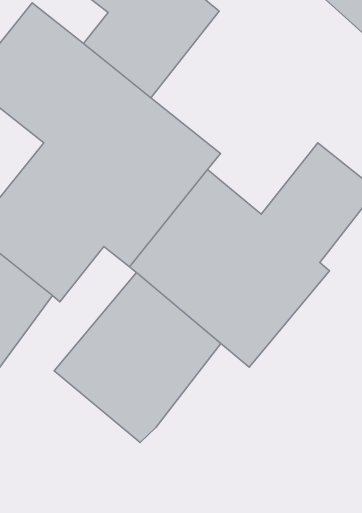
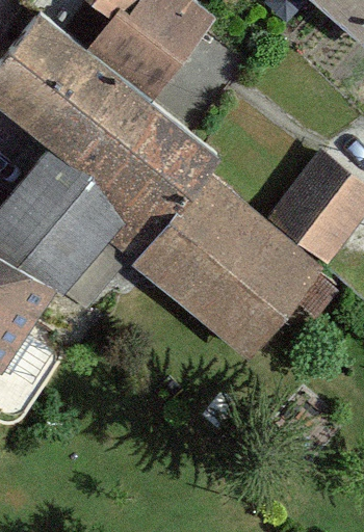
building: [54,273,221,443] -> none

